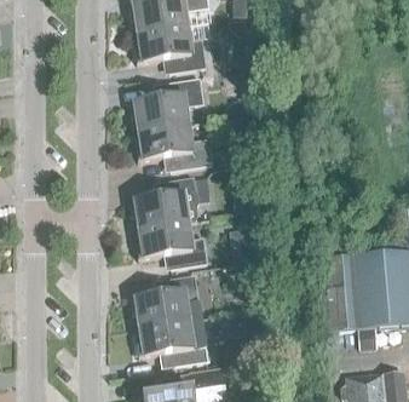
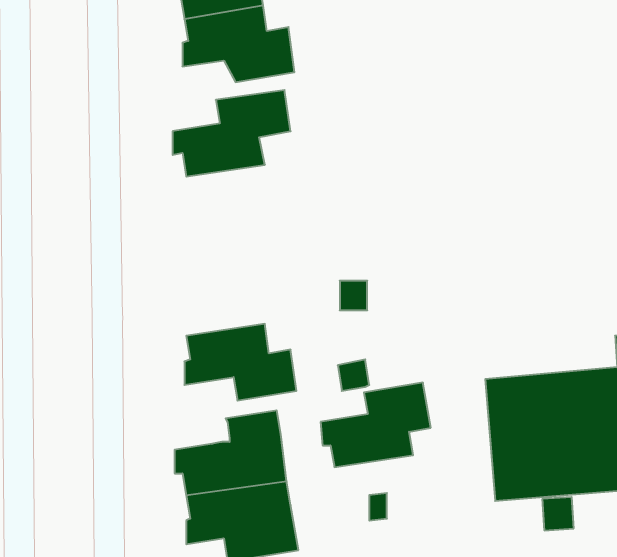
building: [139,124,214,171] -> none
building: [132,177,200,229] -> [321,383,431,467]

